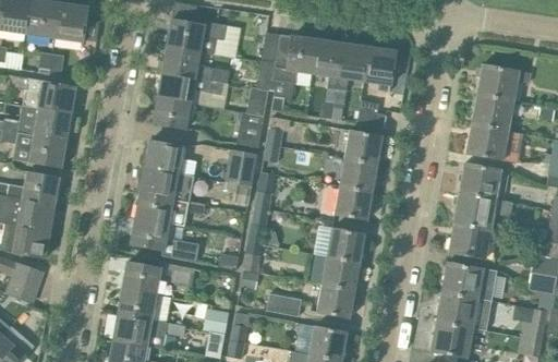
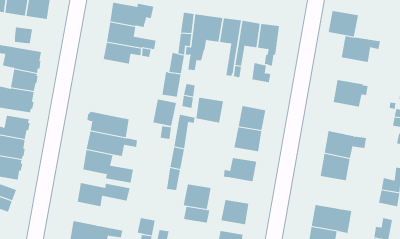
building: [472,93,519,129] -> [328,10,363,37]
building: [153,95,194,128] -> none
building: [344,129,383,164] -> [195,97,224,123]
building: [138,140,186,172] -> none
building: [460,161,501,198] -> none
building: [322,254,360,289] -> [183,184,211,210]
building: [442,261,498,299] -> none
building: [118,287,156,318] -> none

